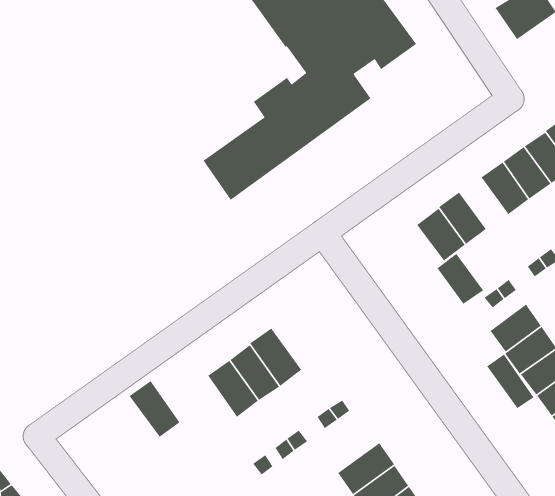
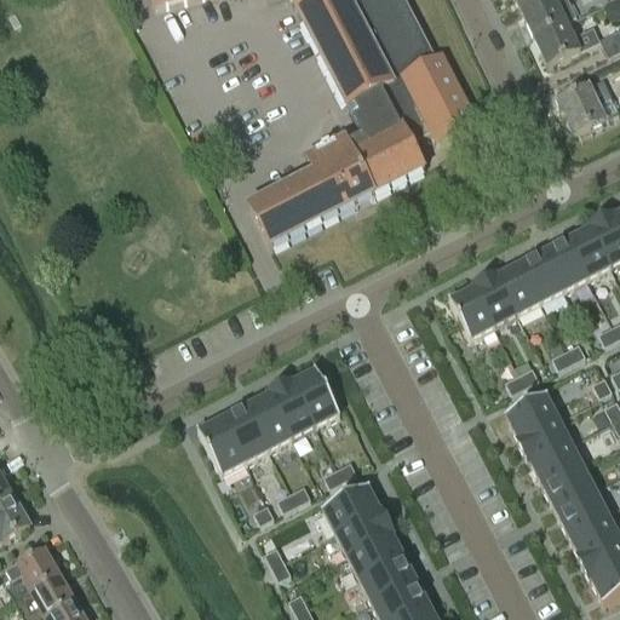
building: [435,253,484,305] -> [496,259,541,311]
building: none -> [292,364,340,423]
building: [486,353,535,409] -> none
building: [129,380,180,438] -> [197,414,245,472]
building: none -> [323,482,381,529]

